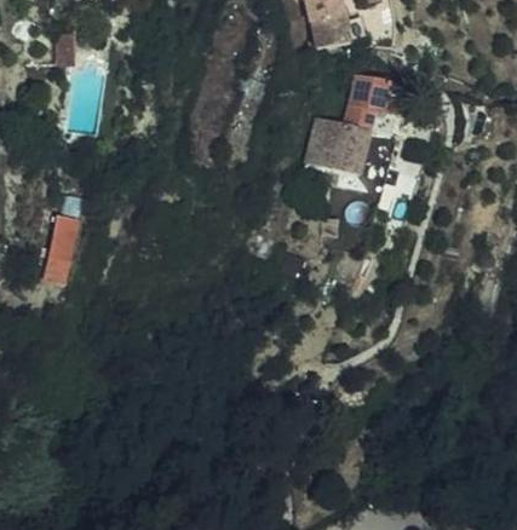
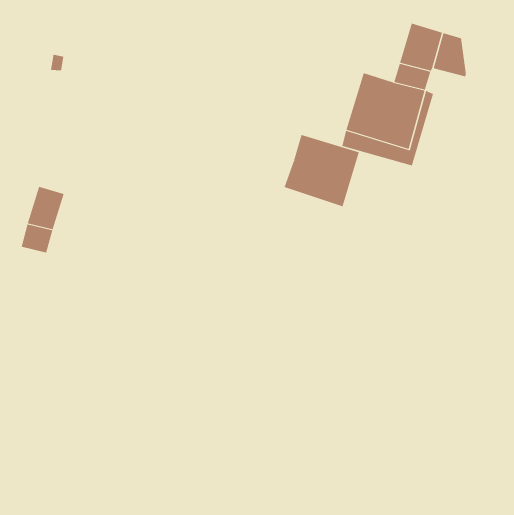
building: none -> [284,134,360,207]

